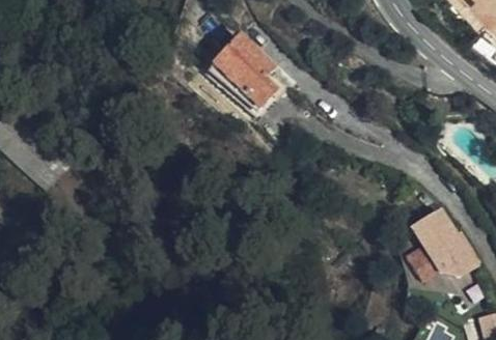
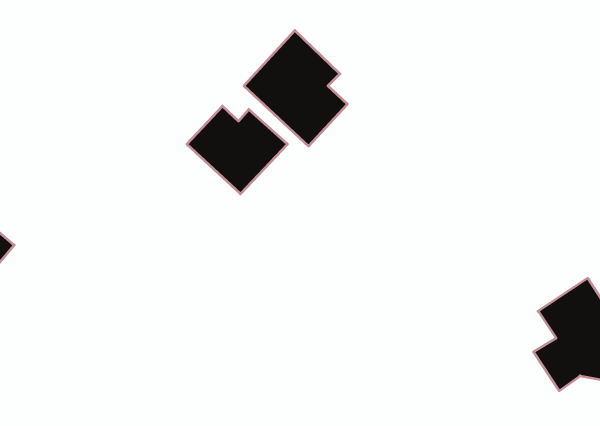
building: none -> [187,106,287,194]

